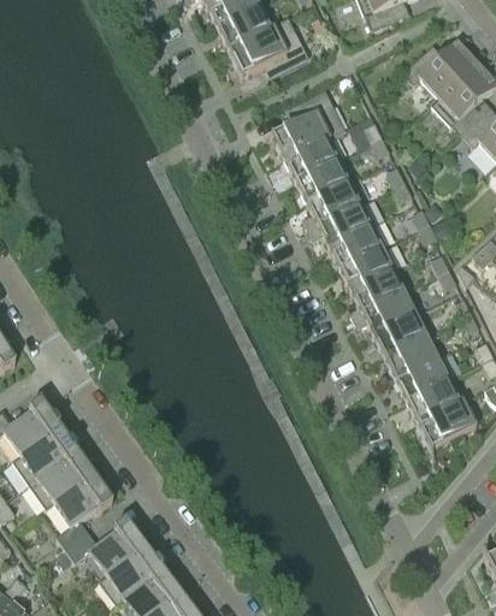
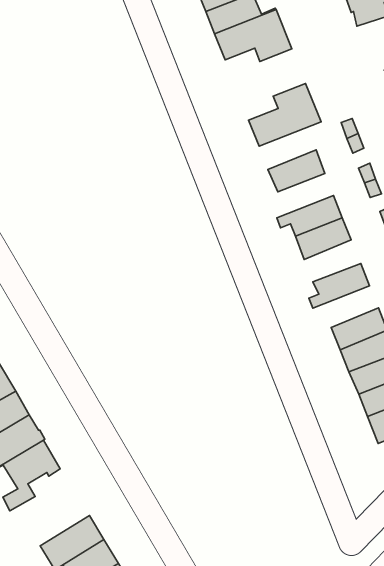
building: [283,129,344,182] -> none
building: [302,180,362,230] -> none
building: [338,245,396,291] -> none
building: [352,290,418,336] -> none
building: [64,521,146,582] -> none

